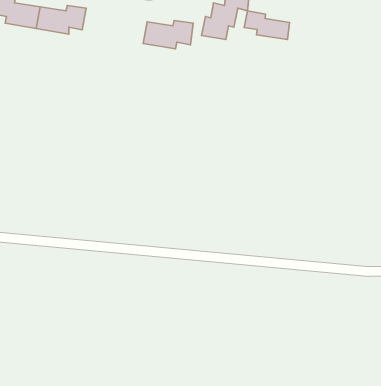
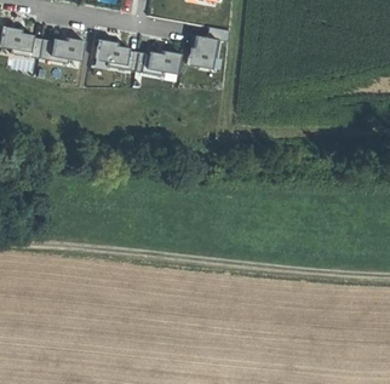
building: none -> [97,38,139,70]
building: [244,11,290,40] -> none

